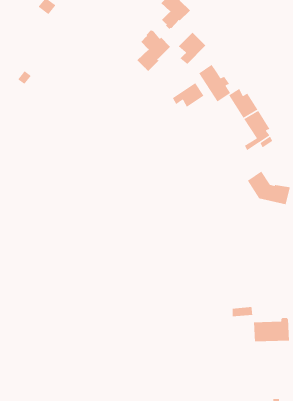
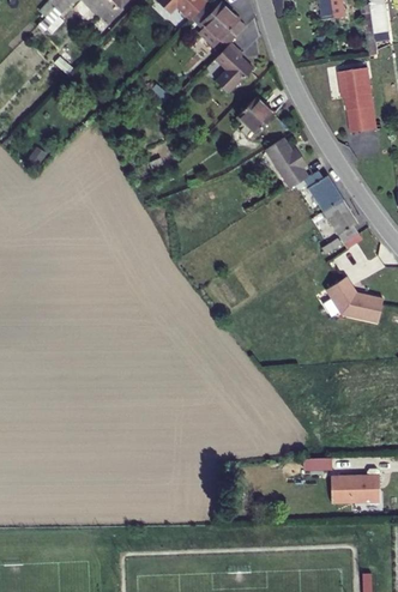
building: none -> [338,67,378,132]
building: [136,29,171,72] -> none
building: [172,82,205,108] -> none

